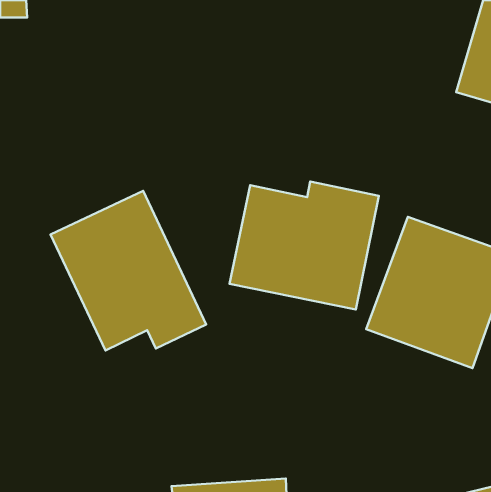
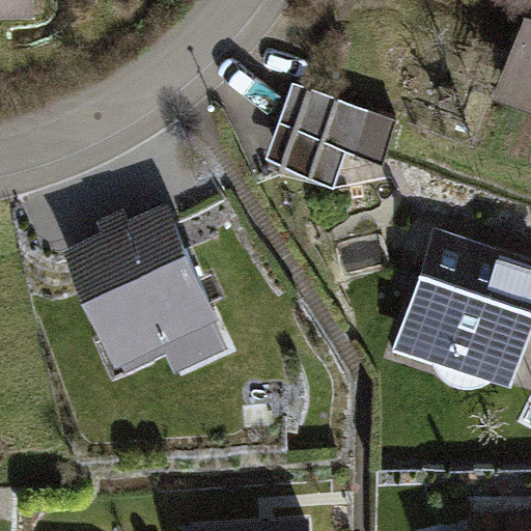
building: none -> [287,74,415,164]
building: [230,182,379,309] -> none

